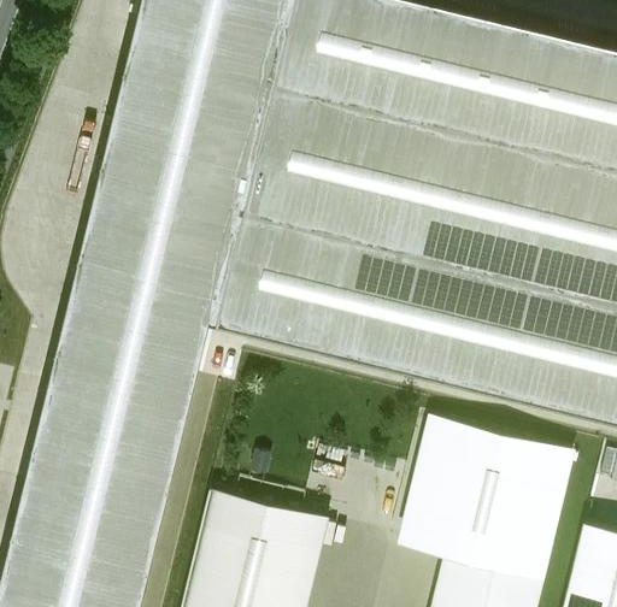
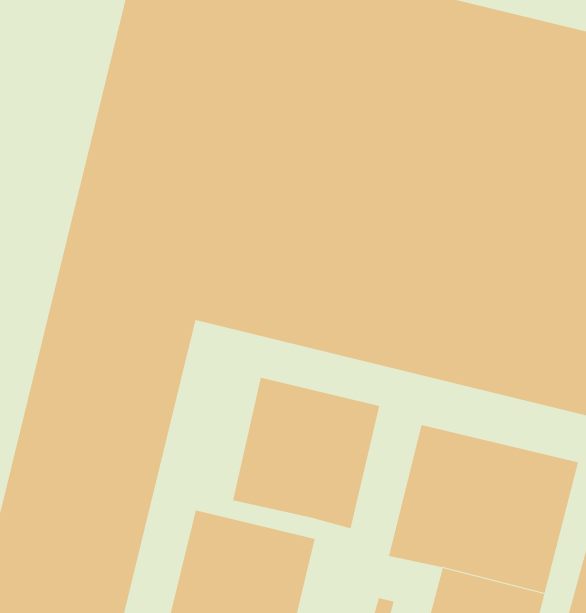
building: none -> [232,377,380,529]

